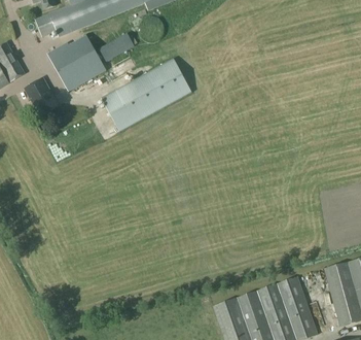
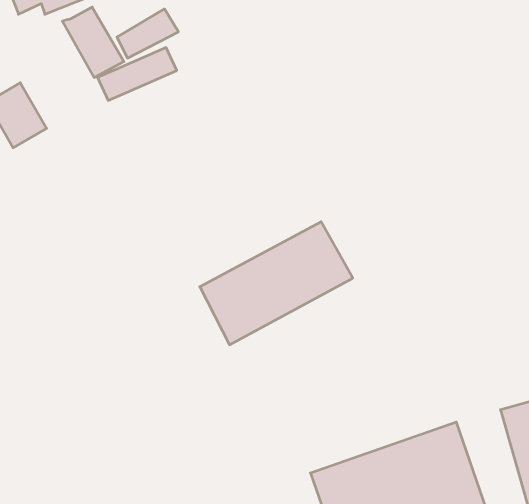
building: [45,41,85,87] -> none
building: [102,60,191,132] -> [200,222,353,345]

